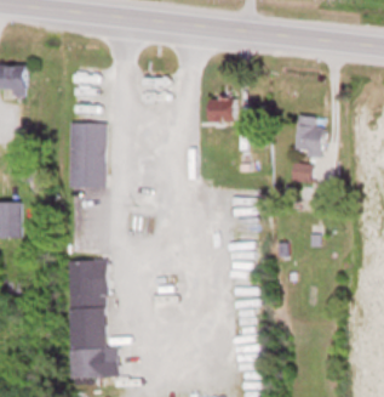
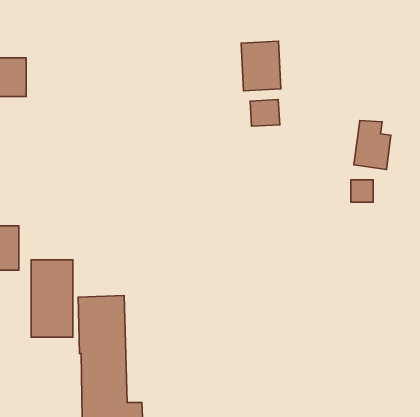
building: none -> [241,41,281,91]
building: [69,124,103,187] -> [31,260,73,337]

